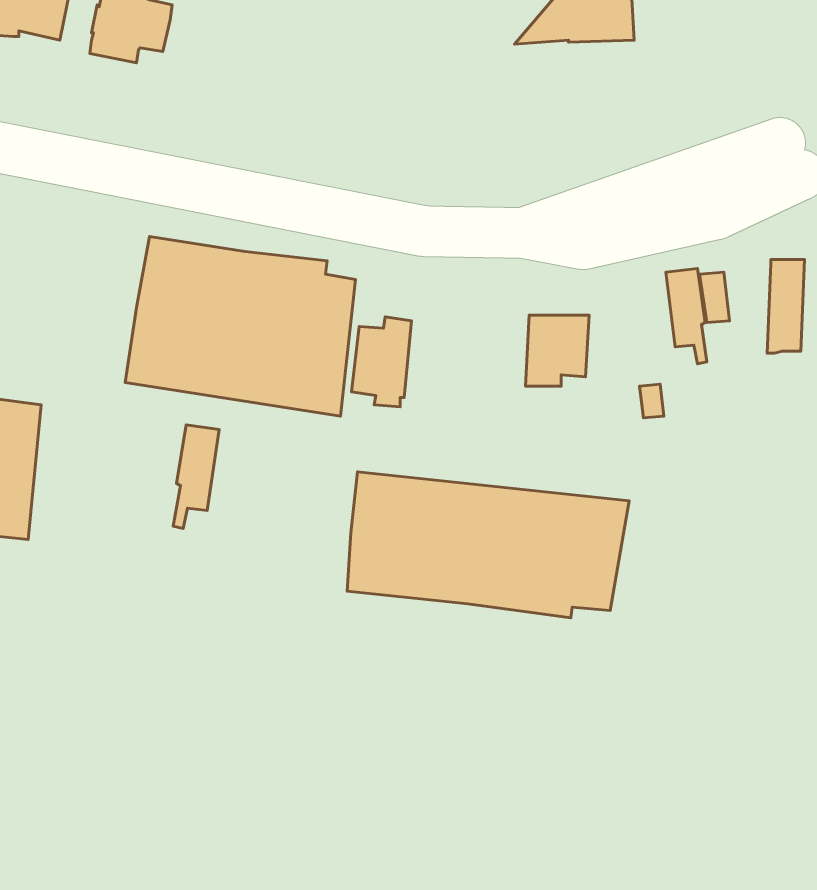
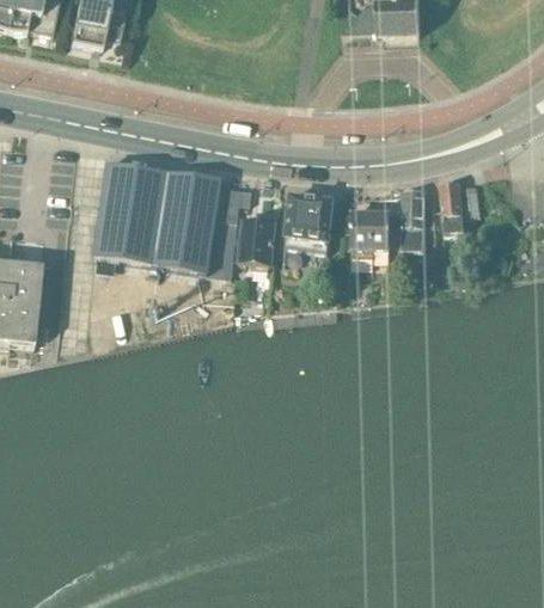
building: [767,260,805,353] -> [401,188,424,247]
building: none -> [285,194,332,251]
building: [173,425,219,528] -> none
building: [347,472,629,618] -> none

